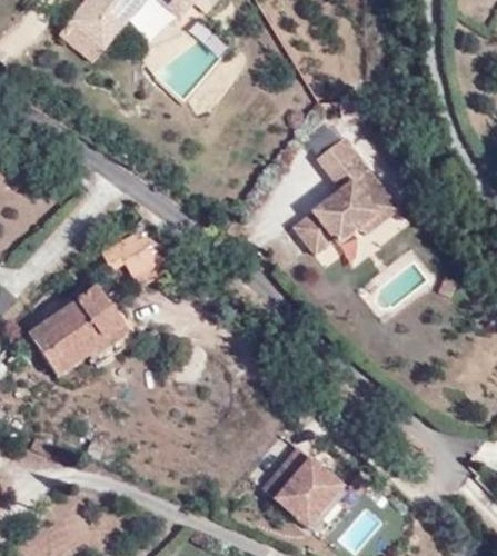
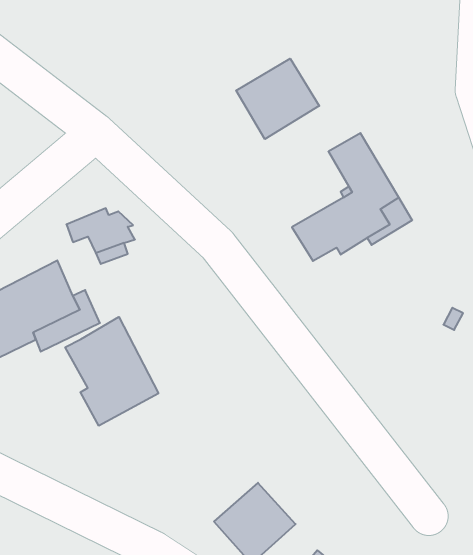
building: none -> [236,59,319,139]
building: none -> [65,317,158,426]

